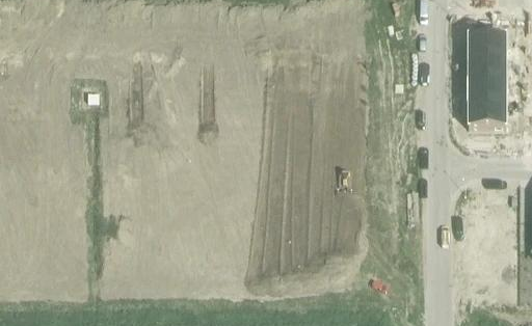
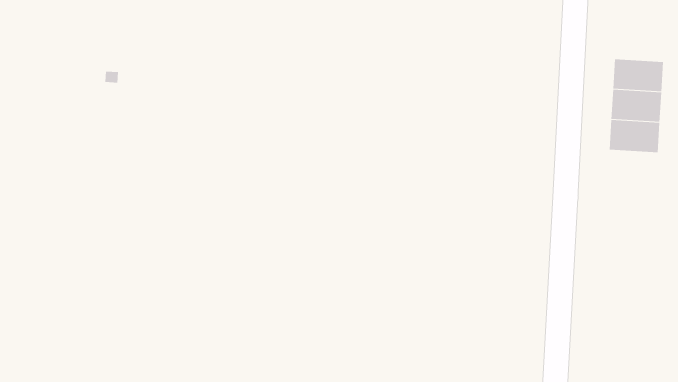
building: [468,29,505,52] -> none

